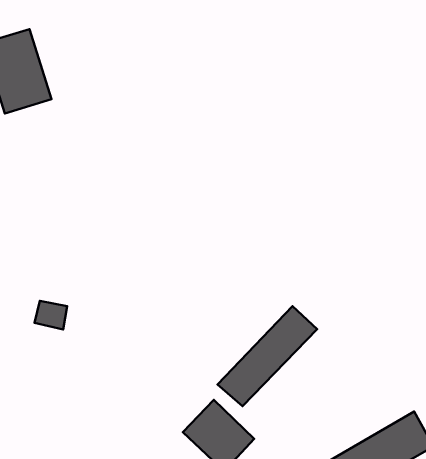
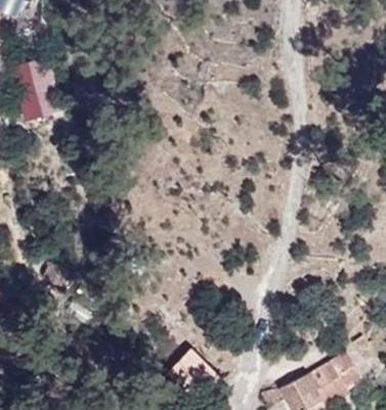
building: [217,306,317,406] -> none

